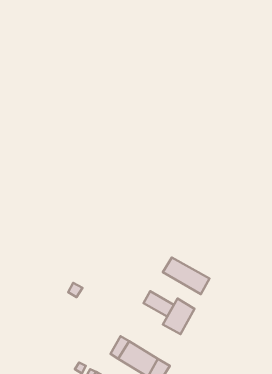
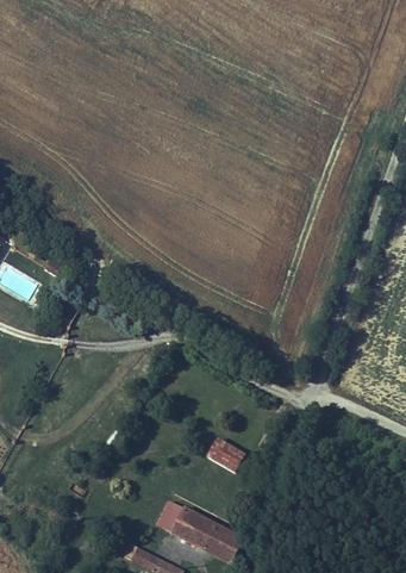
building: [163,257,209,294] -> none
building: [163,299,195,334] -> none

